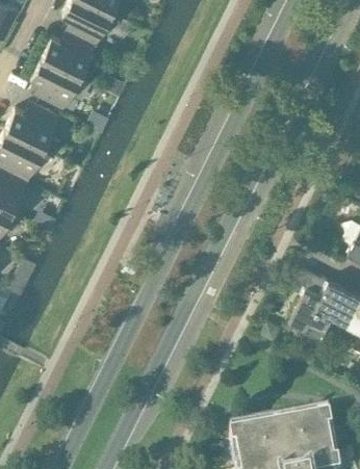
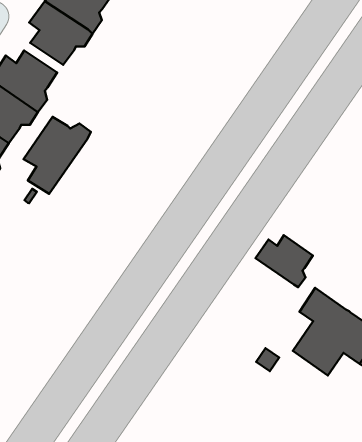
building: none -> [24,117,91,194]
building: none -> [256,235,313,287]

